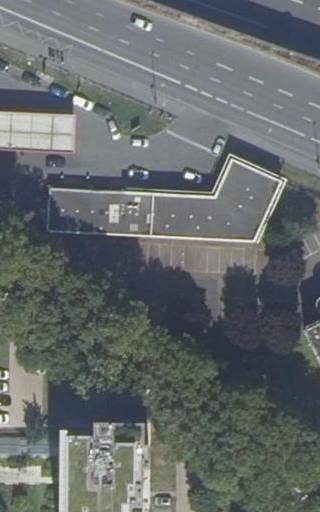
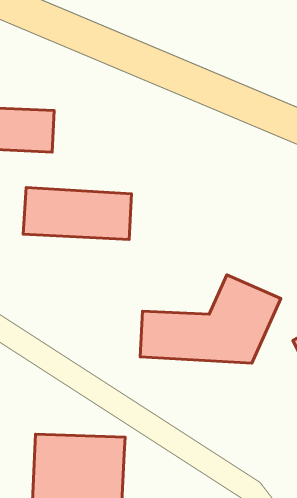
building: [148,158,283,243] -> [140,275,281,363]

